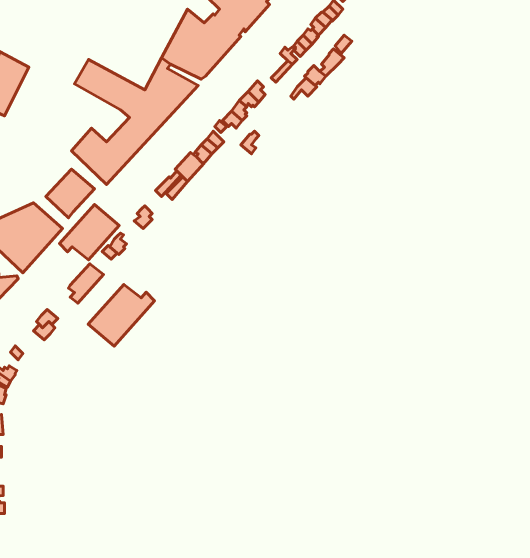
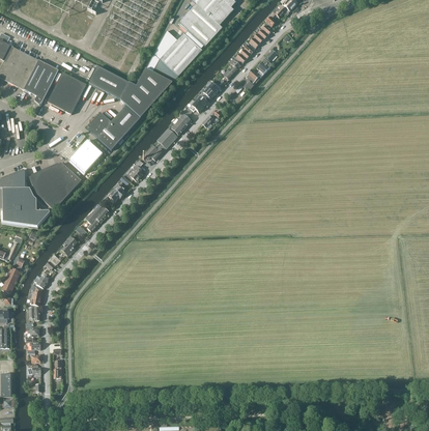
building: none -> [48,71,86,113]
building: [60,204,119,260] -> none
building: [88,284,155,346] -> none

